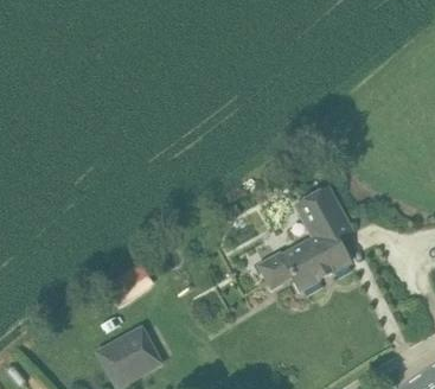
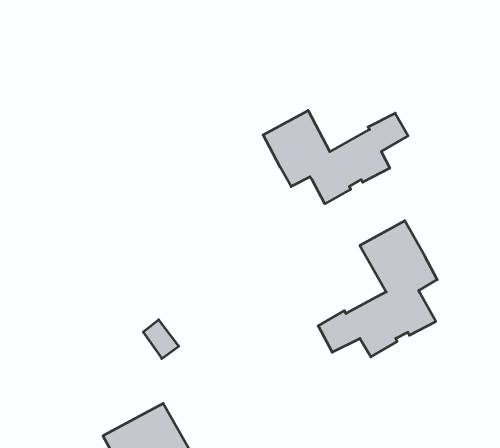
building: none -> [263,110,408,204]

